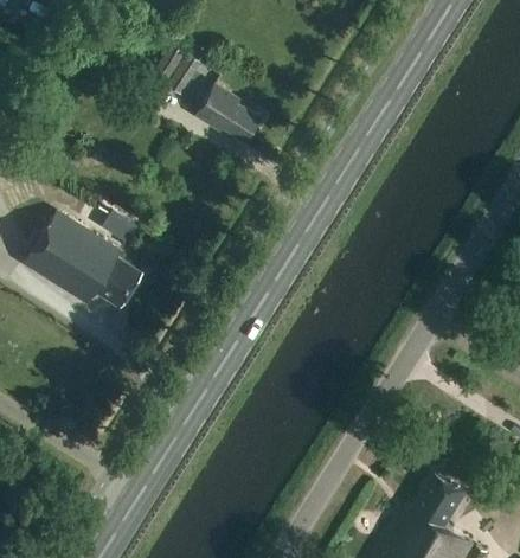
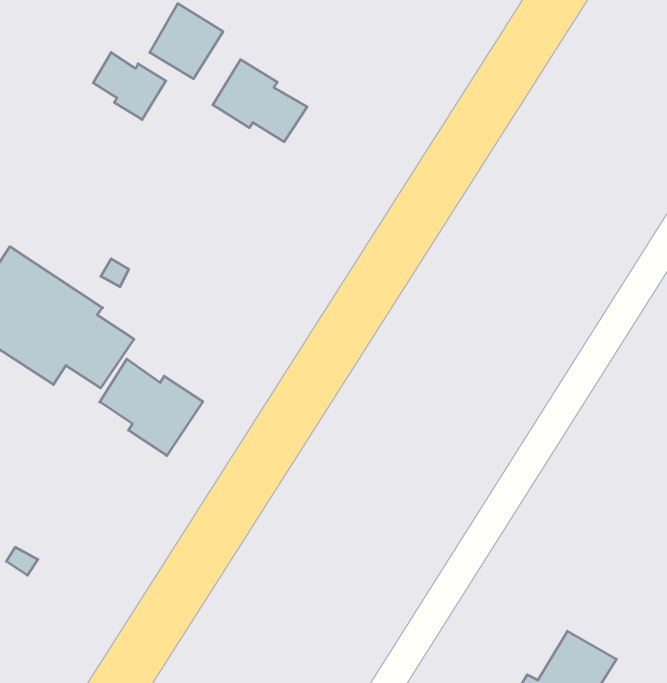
building: none -> [93,52,166,120]
building: none -> [100,359,203,456]

